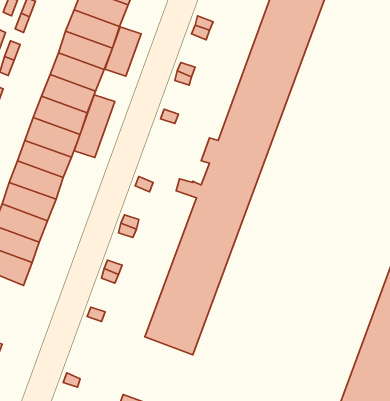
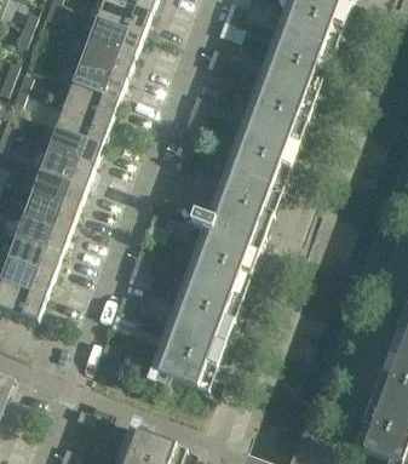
building: [105,27,141,76] -> none
building: [74,95,115,158] -> none

